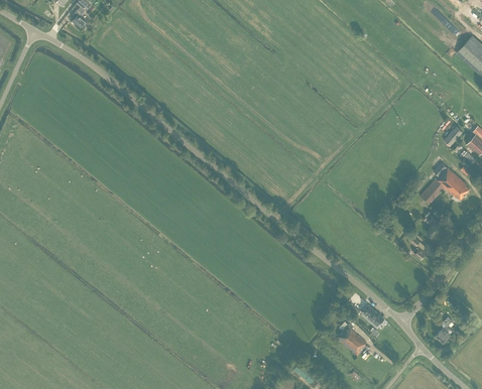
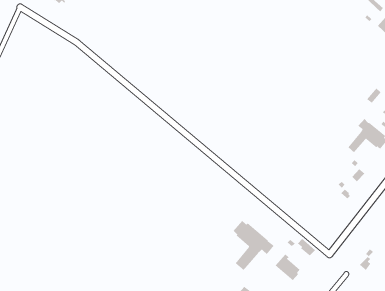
building: none -> [233,220,275,271]

